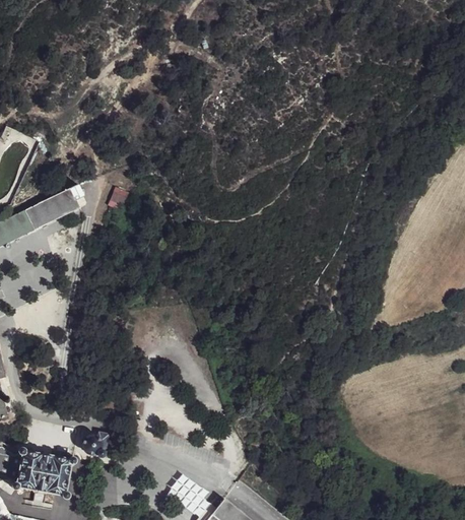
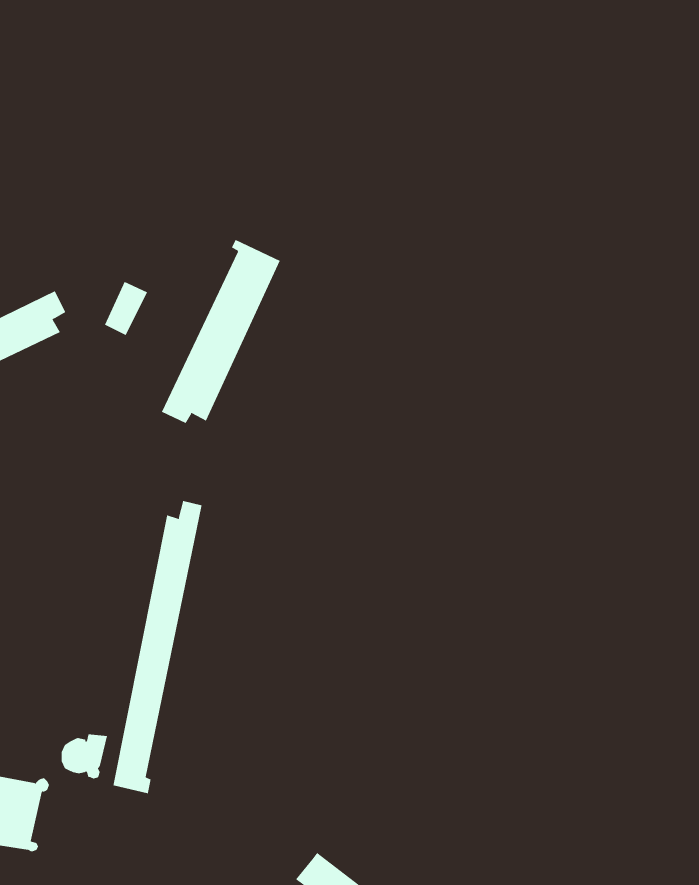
building: none -> [161,239,280,424]
building: none -> [113,500,202,794]

